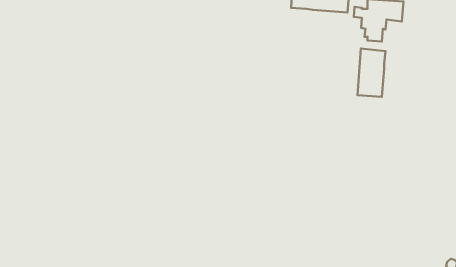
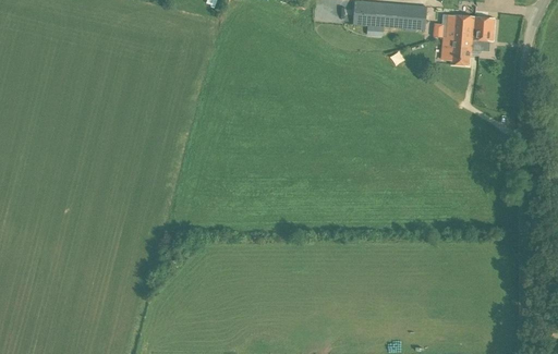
building: [357,49,385,97] -> none

